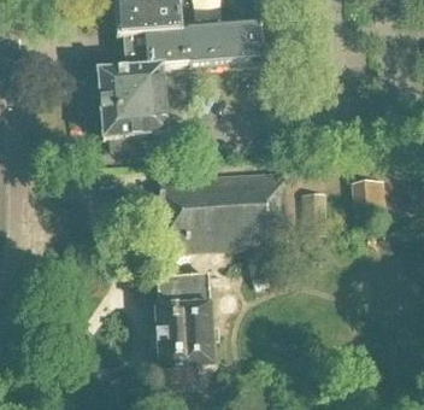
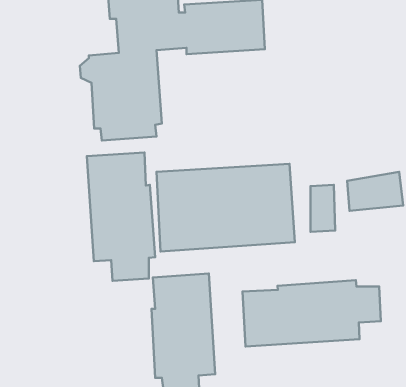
building: none -> [87,153,155,281]
building: none -> [242,280,381,347]

